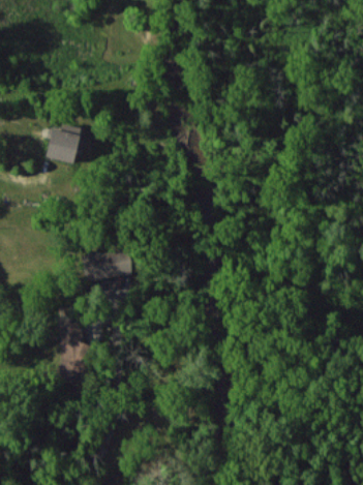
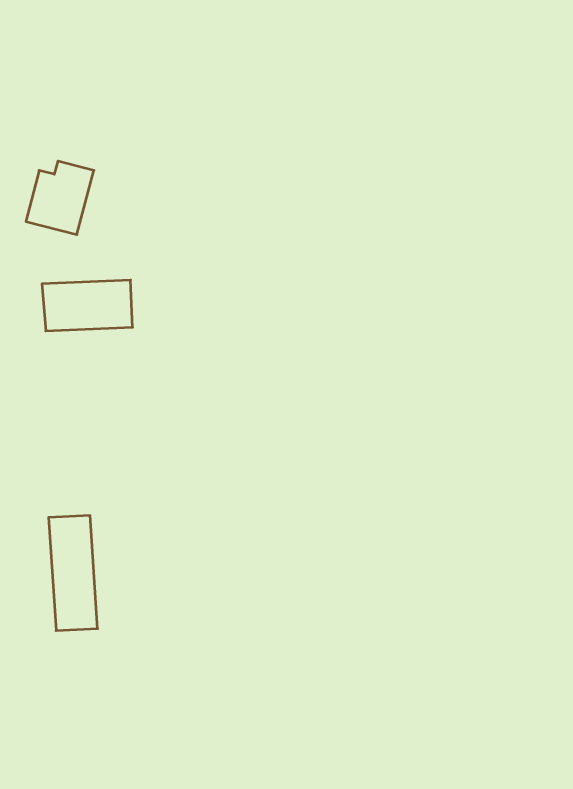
building: [83,251,132,279] -> [42,280,133,331]

